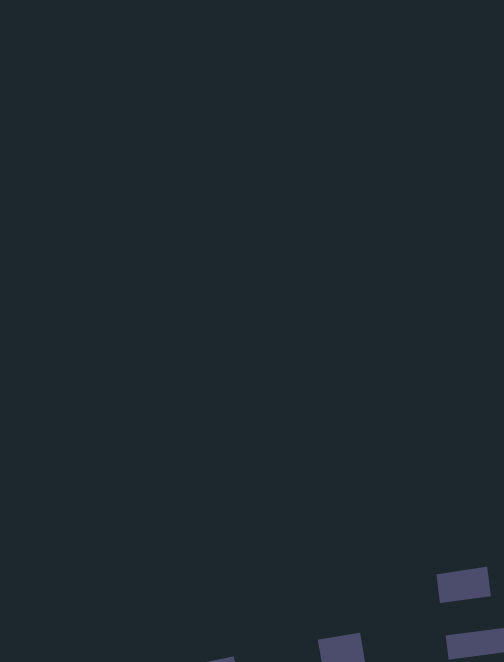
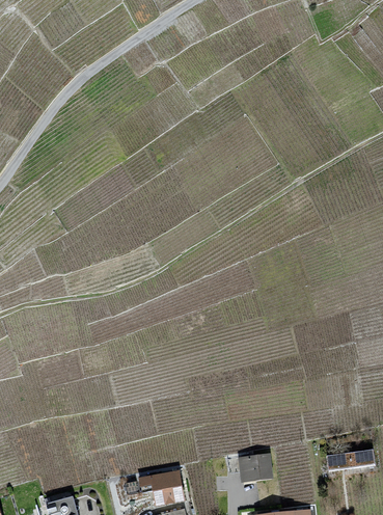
building: [436,566,491,604] -> none

